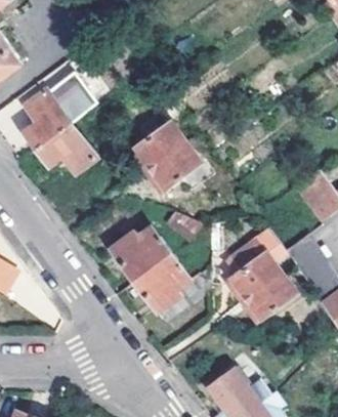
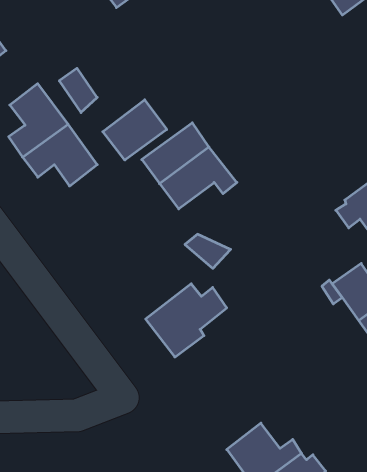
building: none -> [103,100,167,160]
building: [109,225,171,282] -> none
building: [228,239,298,321] -> none

